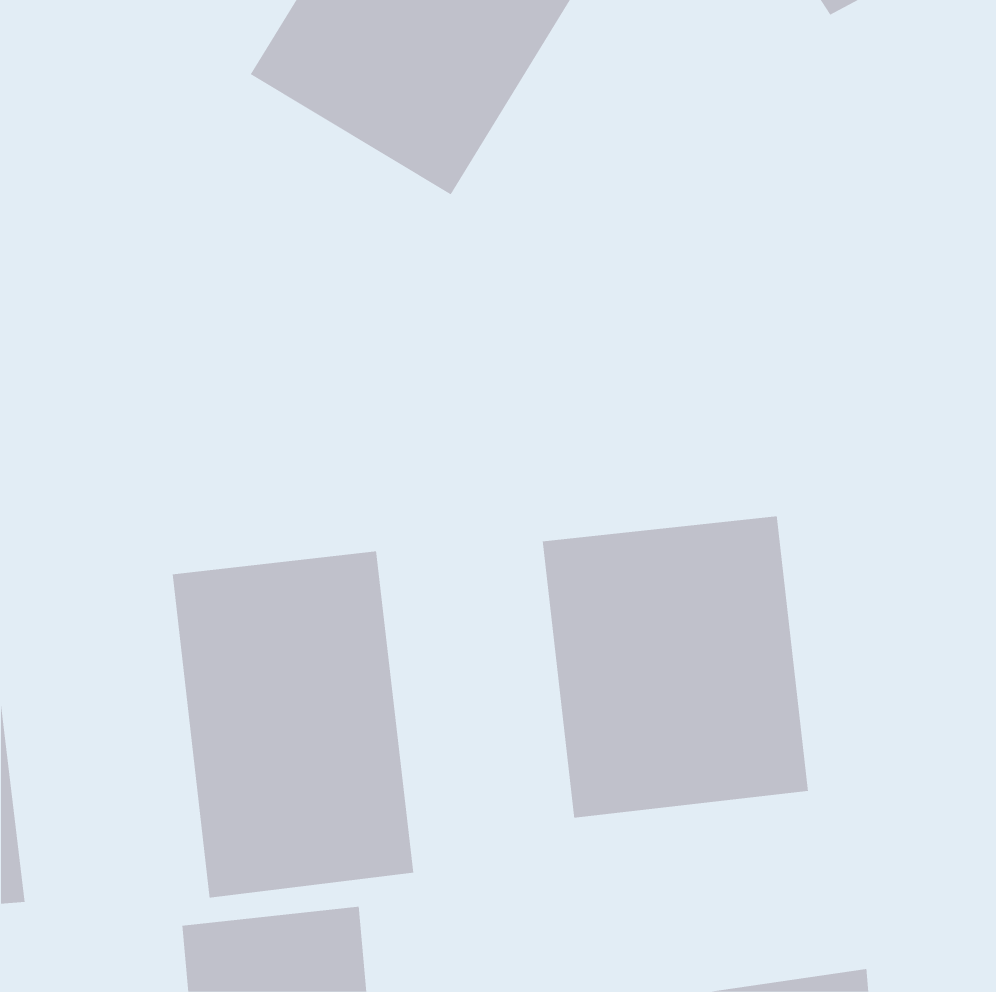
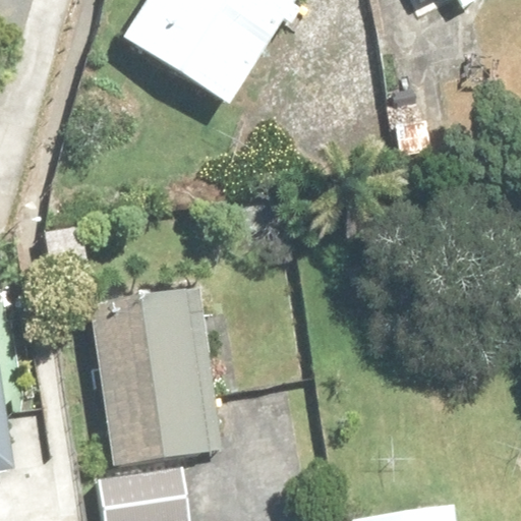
building: [542,516,809,818] -> none

